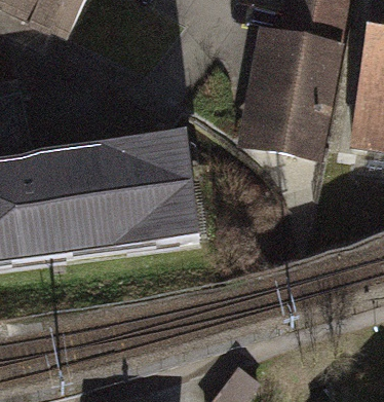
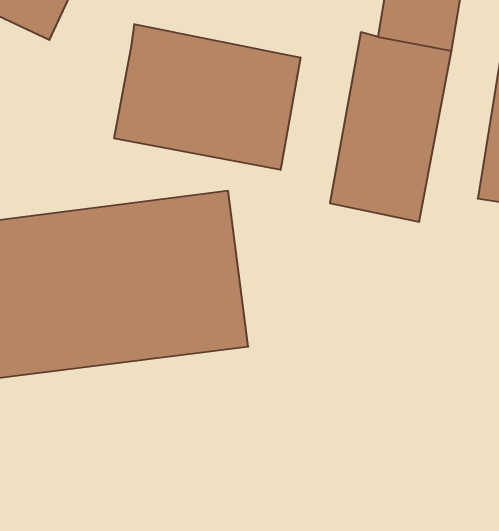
building: none -> [114,24,300,170]

